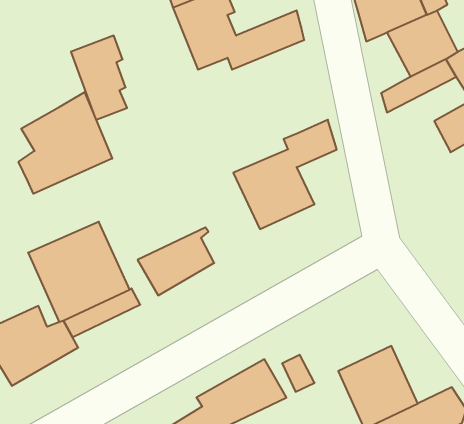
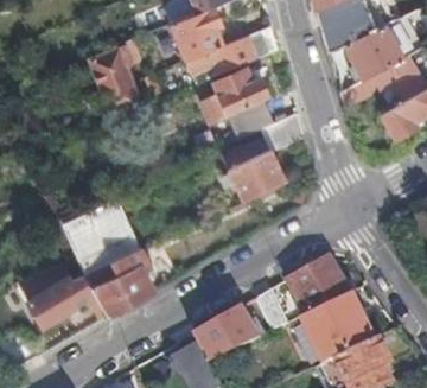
building: none -> [202,69,273,140]
building: [19,92,112,194] -> none
building: [138,227,214,295] -> [91,262,153,317]
building: none -> [280,260,348,316]

